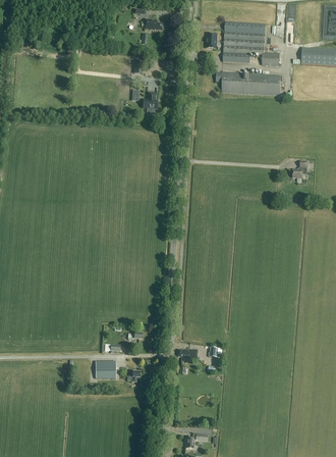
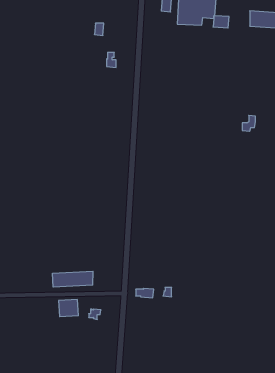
building: [221,71,280,95] -> none
building: none -> [53,271,93,287]

